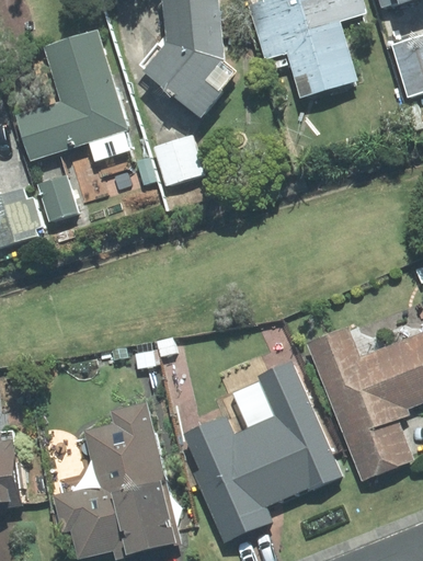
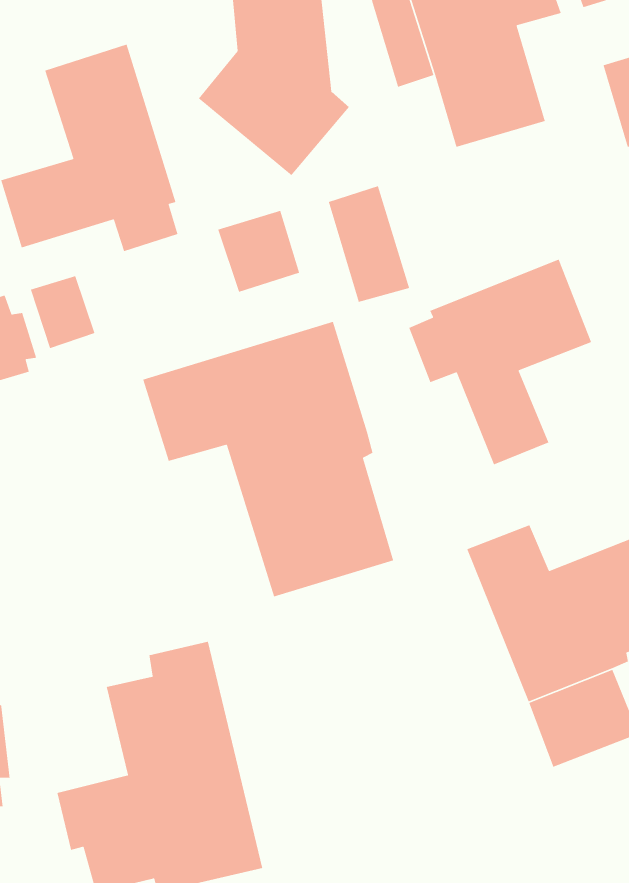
building: none -> [328,185,410,303]
building: none -> [408,258,592,466]
building: none -> [142,321,394,598]
building: [183,363,339,545] -> none

